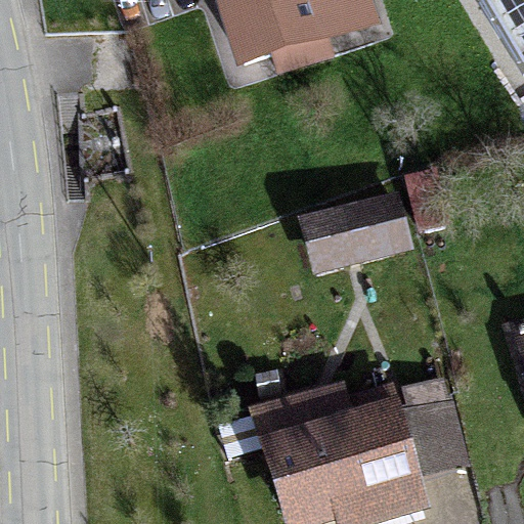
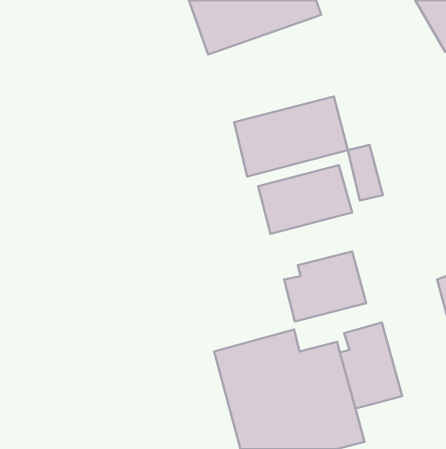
building: none -> [234,96,348,176]
building: none -> [284,252,366,321]

